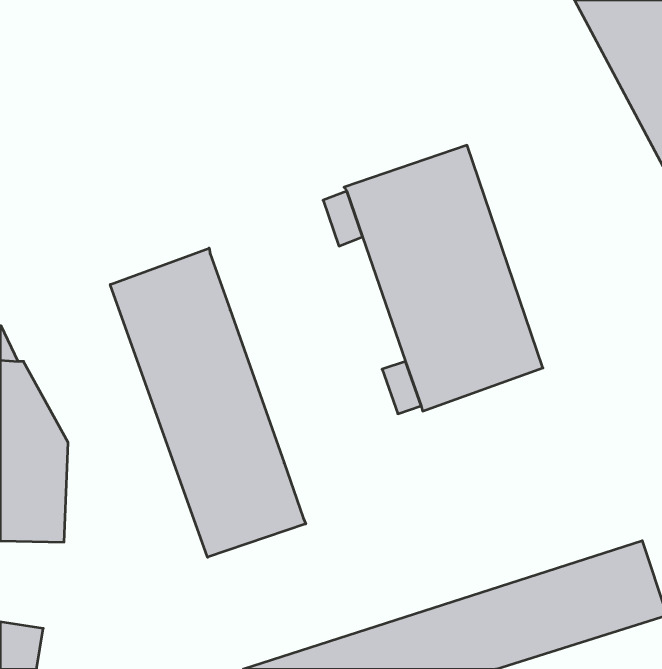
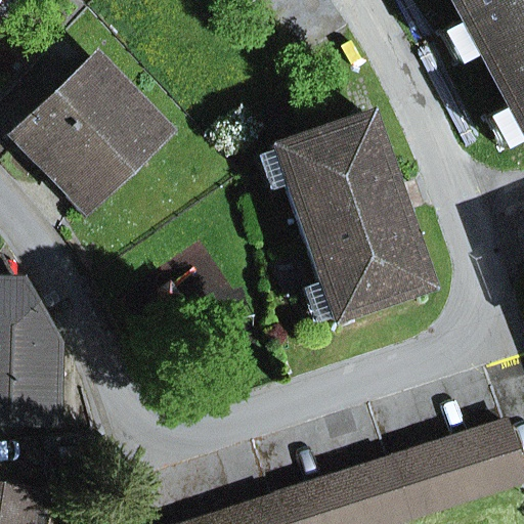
building: none -> [25,67,160,201]
building: [110,248,306,557] -> none

